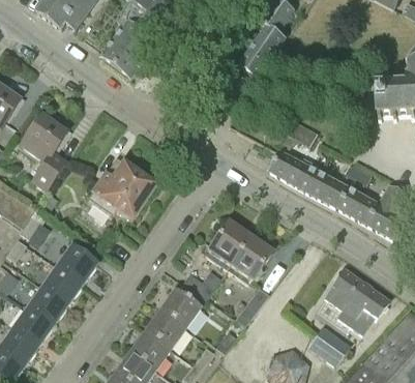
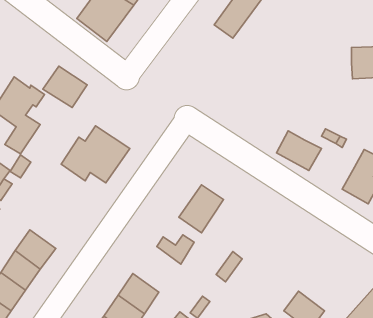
building: none -> [43,66,87,107]
building: [268,120,317,189] -> none
building: [333,185,379,226] -> none
building: [227,236,271,285] -> none
building: [56,244,96,285] -> none
building: [324,270,388,334] -> none
building: [158,289,200,328] -> none

